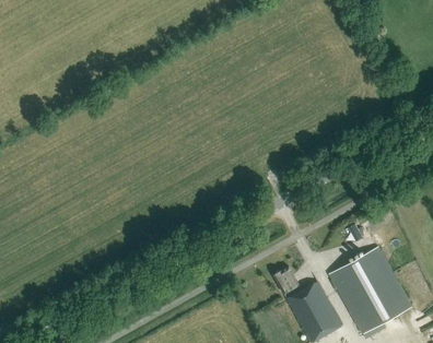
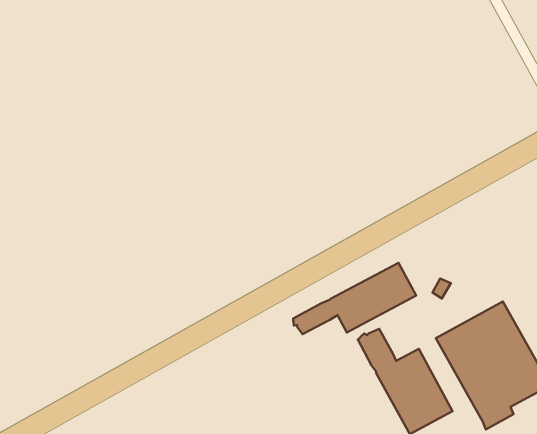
building: none -> [293,263,416,334]

